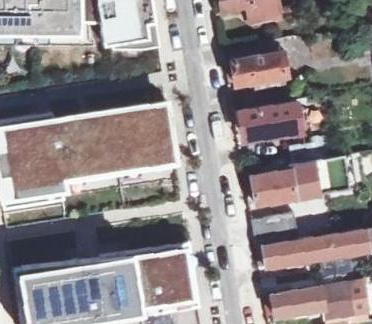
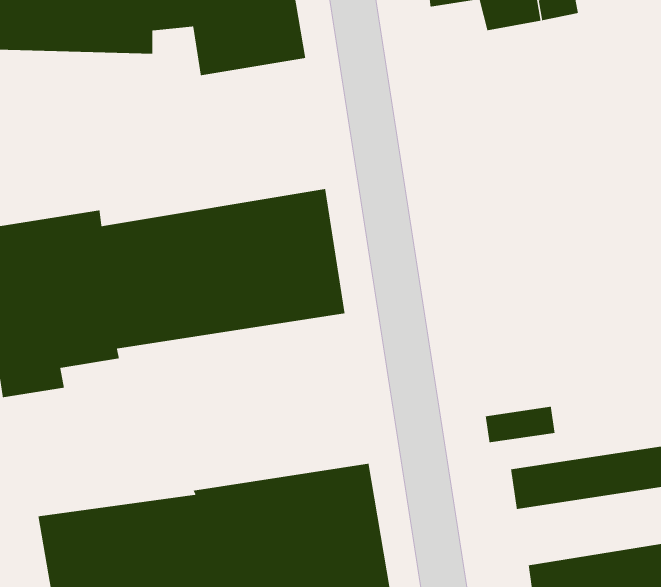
building: [229,44,286,89] -> none
building: [238,106,297,137] -> none
building: [241,145,326,206] -> none

